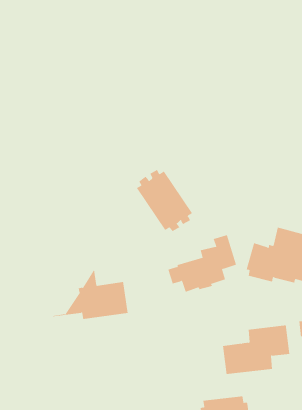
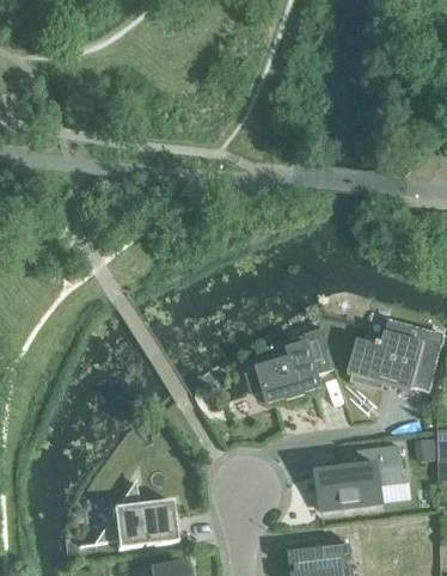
building: [136,169,193,232] -> none
building: [52,268,129,319] -> [78,480,177,547]

